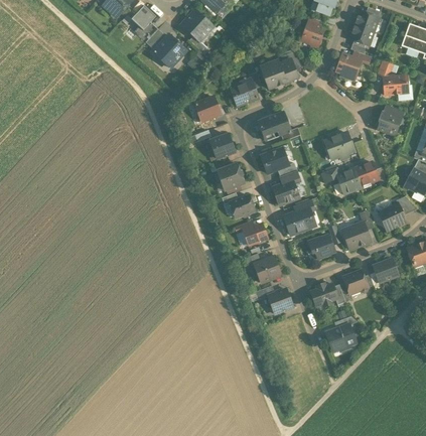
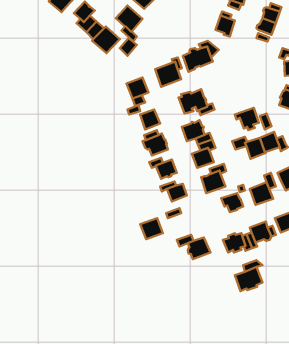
building: [336,53,362,78] -> none
building: [254,257,281,282] -> [140,218,163,239]

